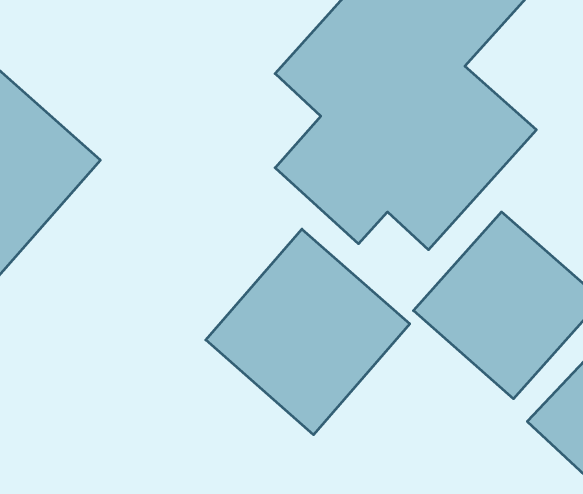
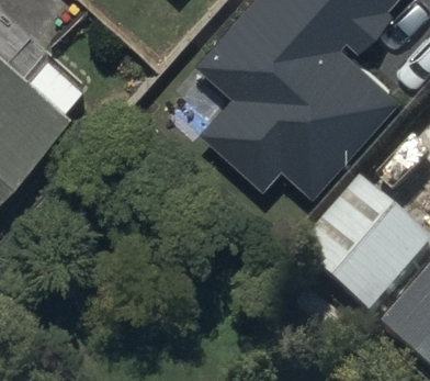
building: [206,229,410,435] -> none

